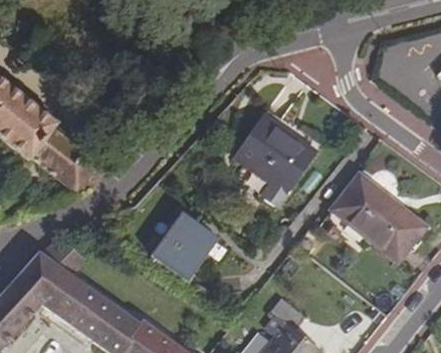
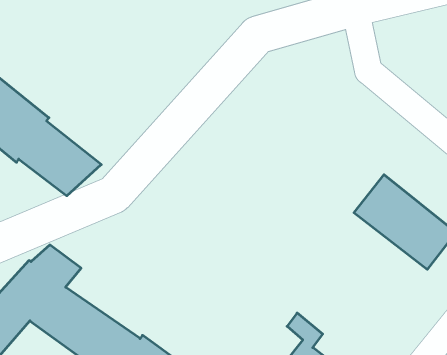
building: [234,114,315,192] -> none
building: [148,210,216,280] -> none

